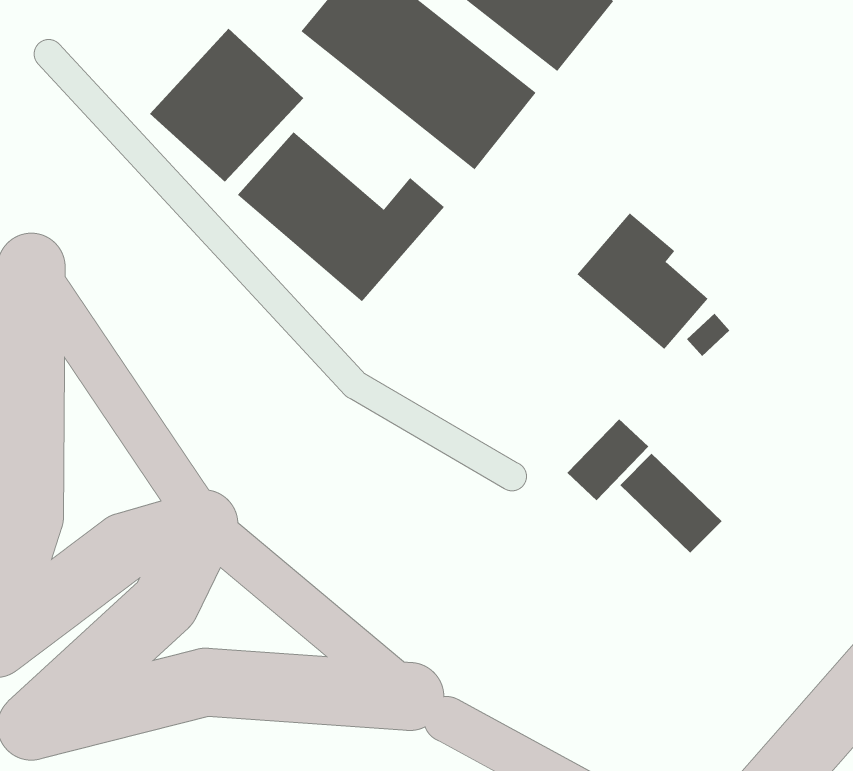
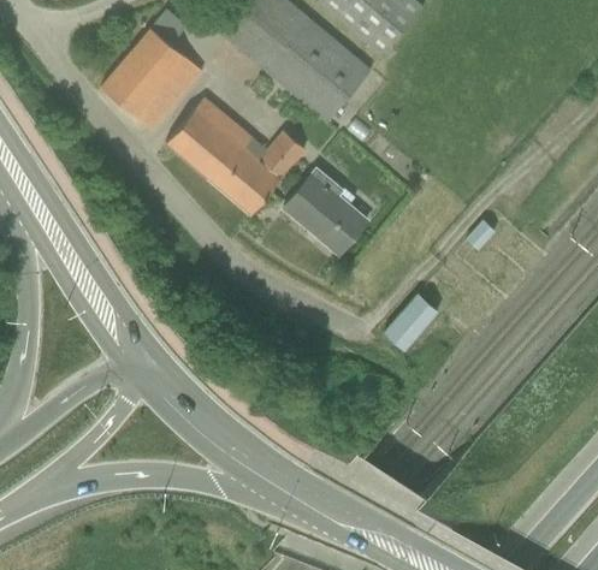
building: [577,213,709,350] -> [284,162,374,256]
building: [619,453,722,553] -> none

